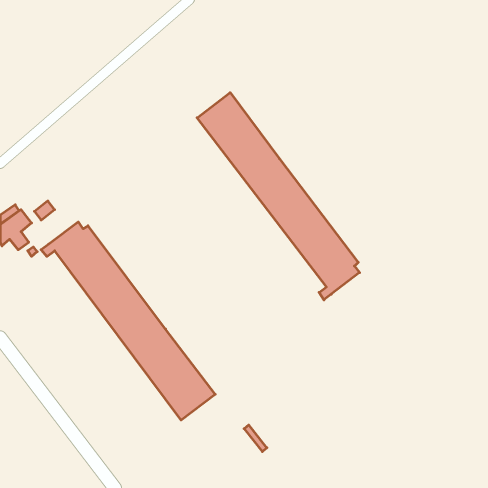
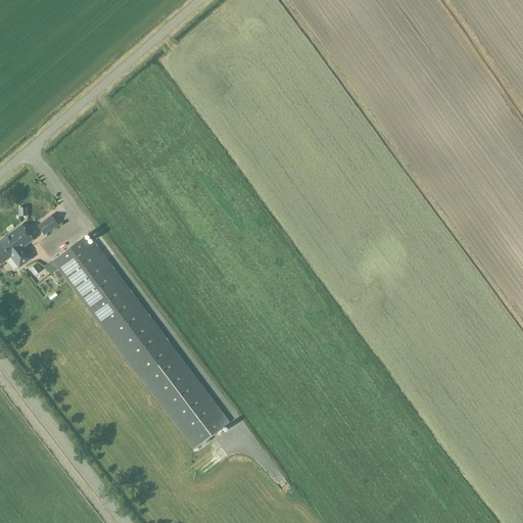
building: [197,93,360,300] -> none

